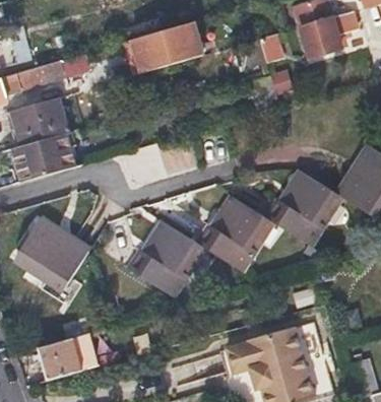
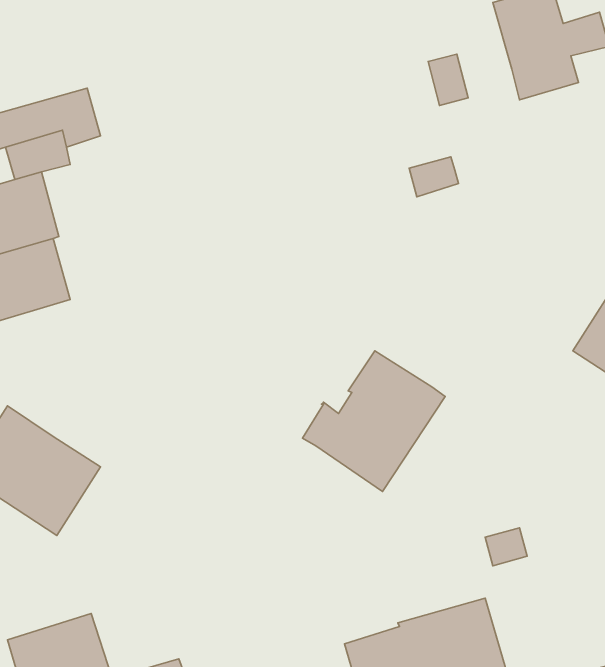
building: [135,25,210,76] -> none
building: [265,171,340,242] -> none
building: [127,220,203,293] -> none

